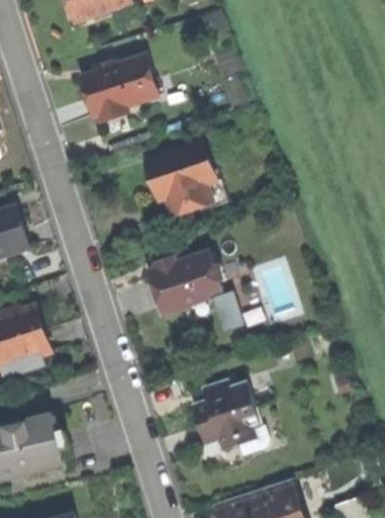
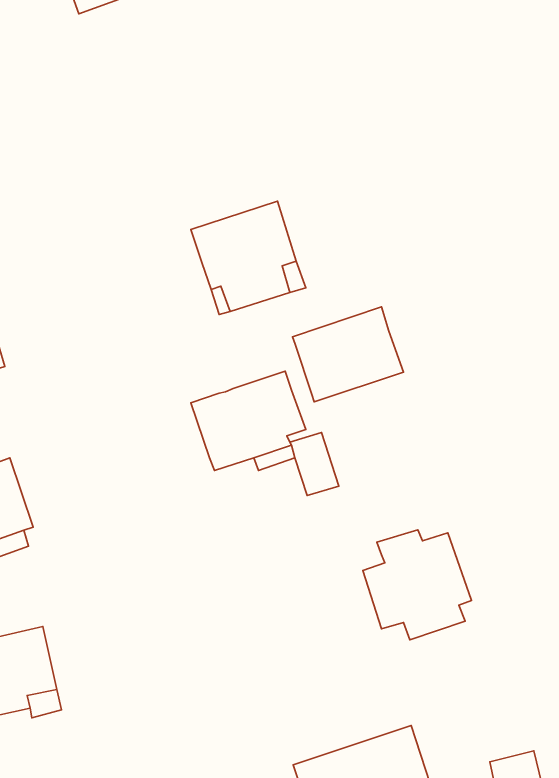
building: [81,58,156,121] -> none
building: none -> [293,307,403,402]
building: [191,380,261,451] -> [363,530,471,640]

